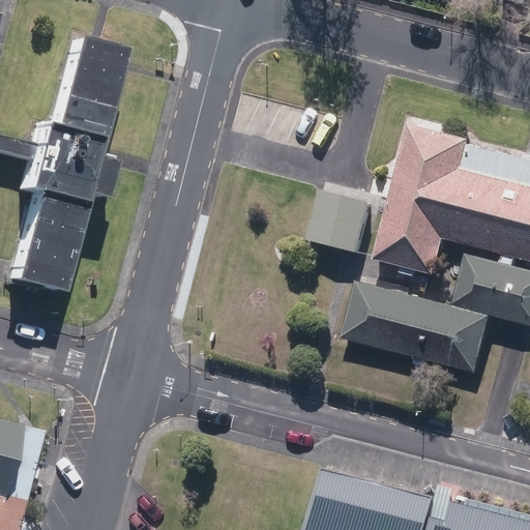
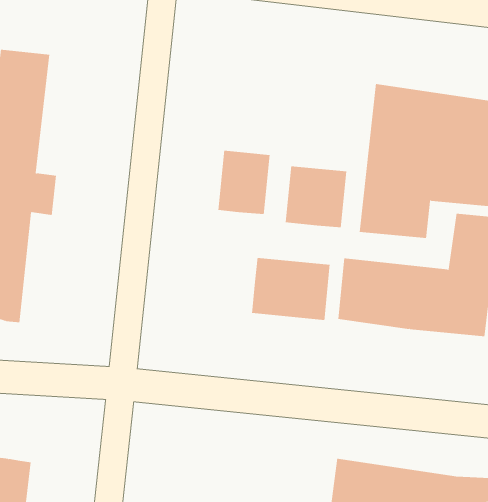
building: none -> [218,150,270,215]
building: none -> [252,257,330,321]

